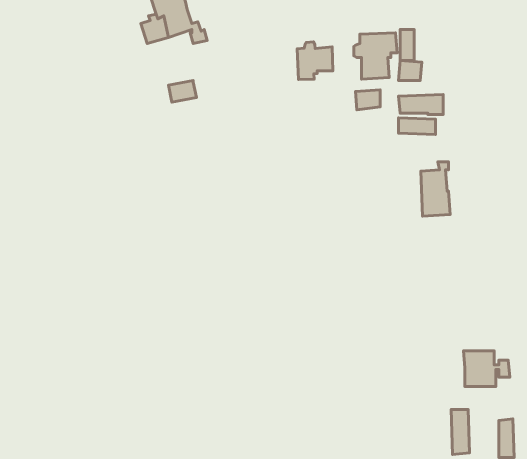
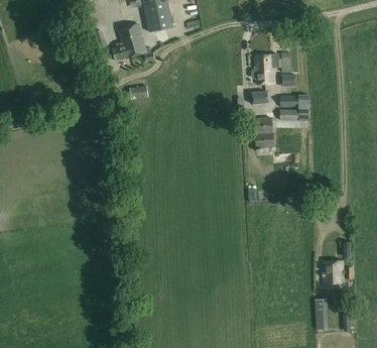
building: [297,42,333,79] -> none
building: [421,162,450,216] -> [255,113,274,148]

